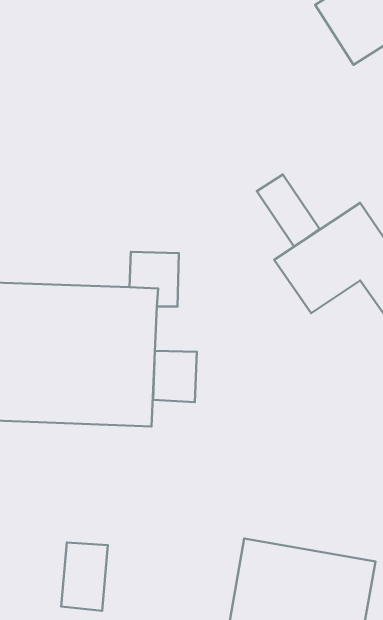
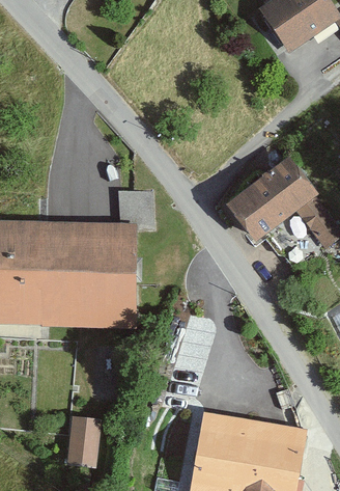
building: [257,174,320,247] -> none
building: [153,351,197,402] -> none

